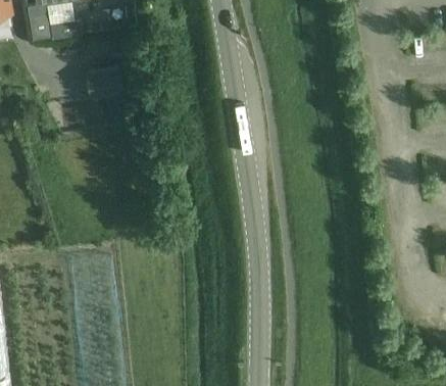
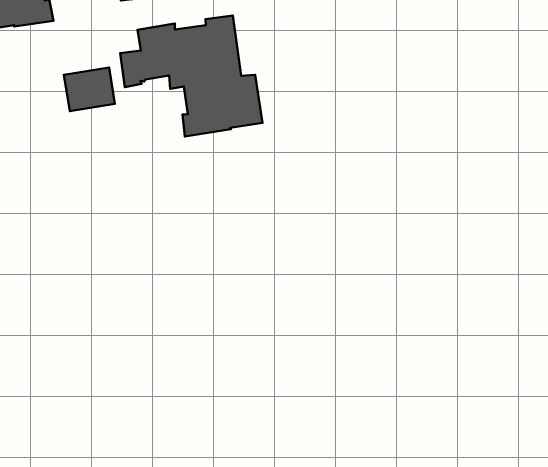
building: none -> [120,16,263,137]

